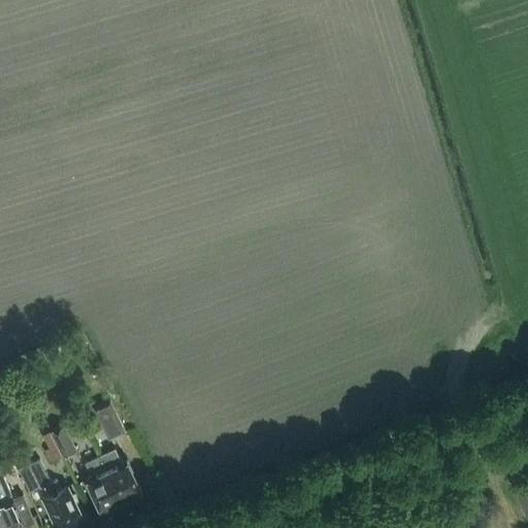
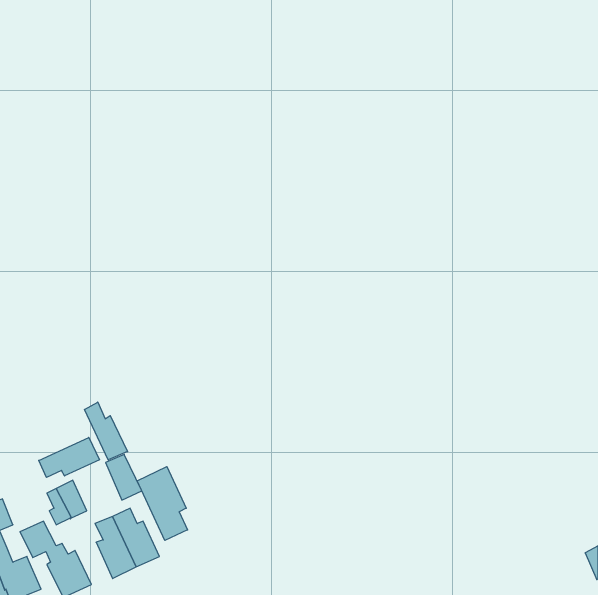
building: none -> [85,402,128,460]
building: none -> [39,437,100,477]
building: none -> [137,467,188,540]

